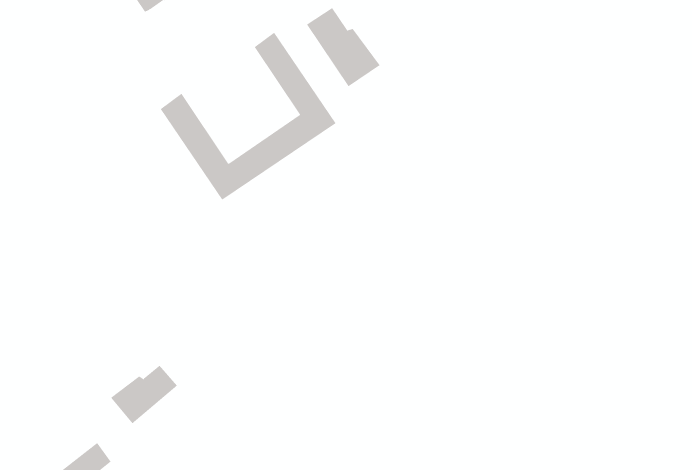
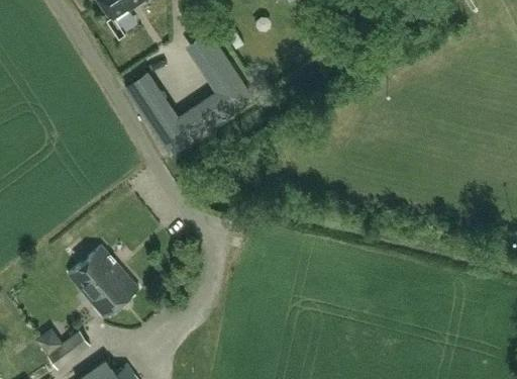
building: [306,7,380,87] -> none
building: none -> [68,247,124,299]

